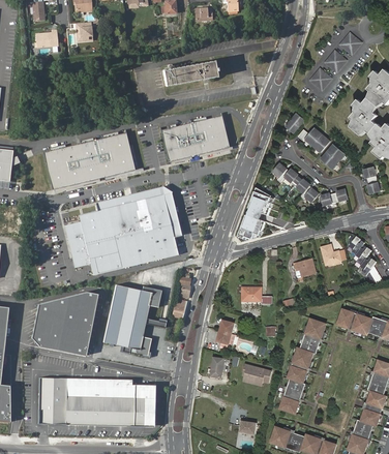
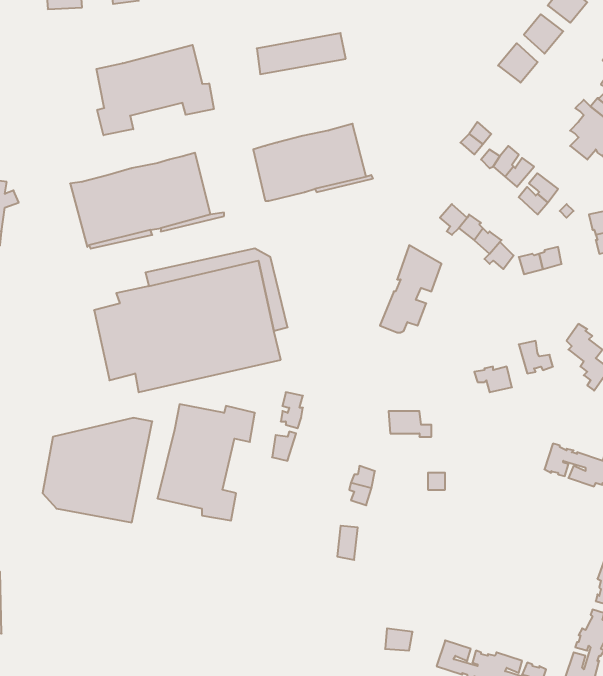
building: none -> [96,45,214,135]
building: [282,319,328,414] -> none
building: [243,363,273,387] -> none
building: [39,377,155,425] -> none

